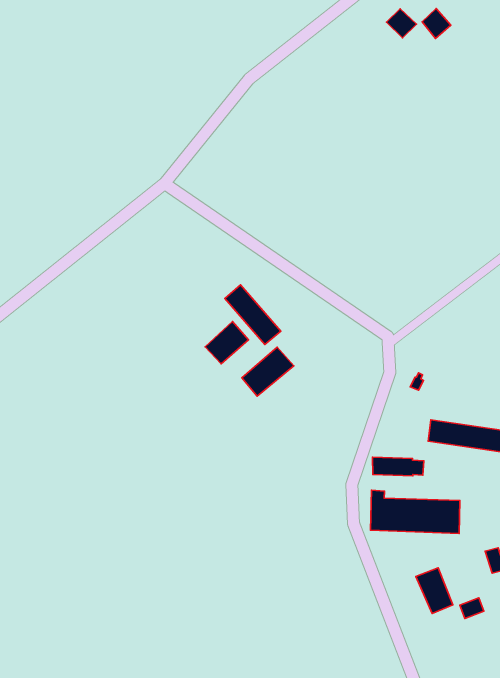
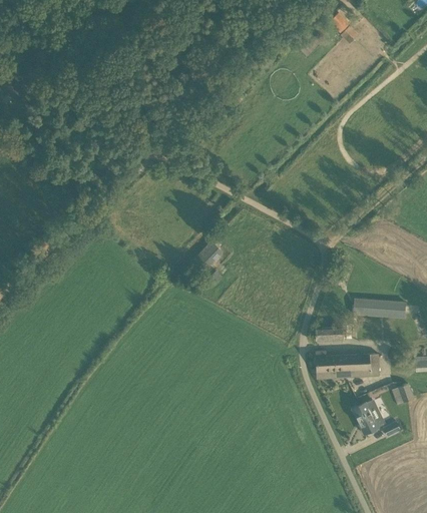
building: [225,285,281,345] -> none
building: [242,347,294,396] -> none

